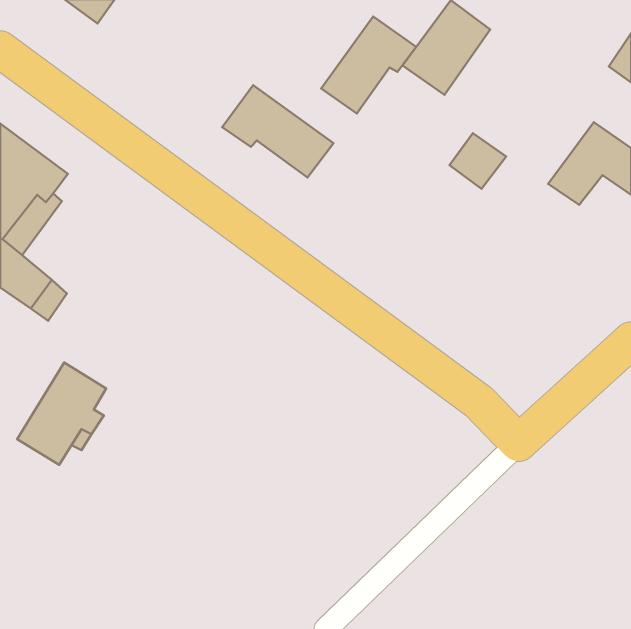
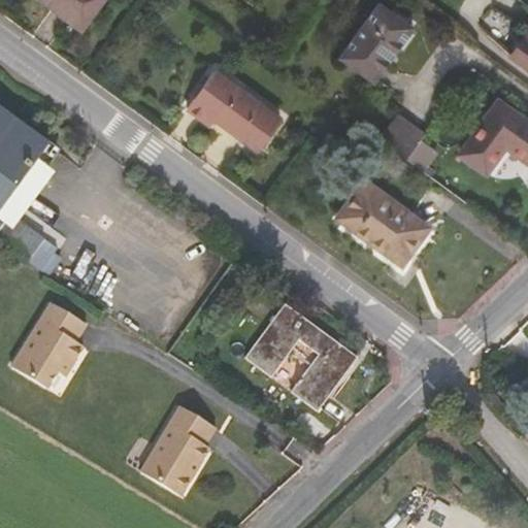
building: [321,16,416,114] -> none
building: none -> [334,179,424,262]
building: none -> [248,305,358,411]
building: none -> [139,406,214,496]

